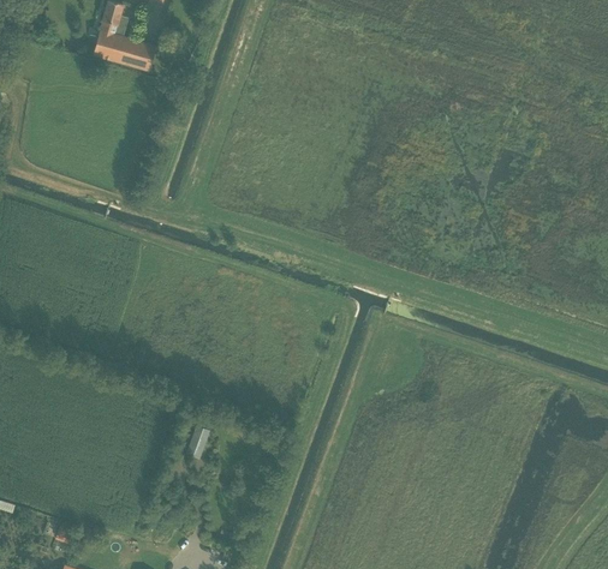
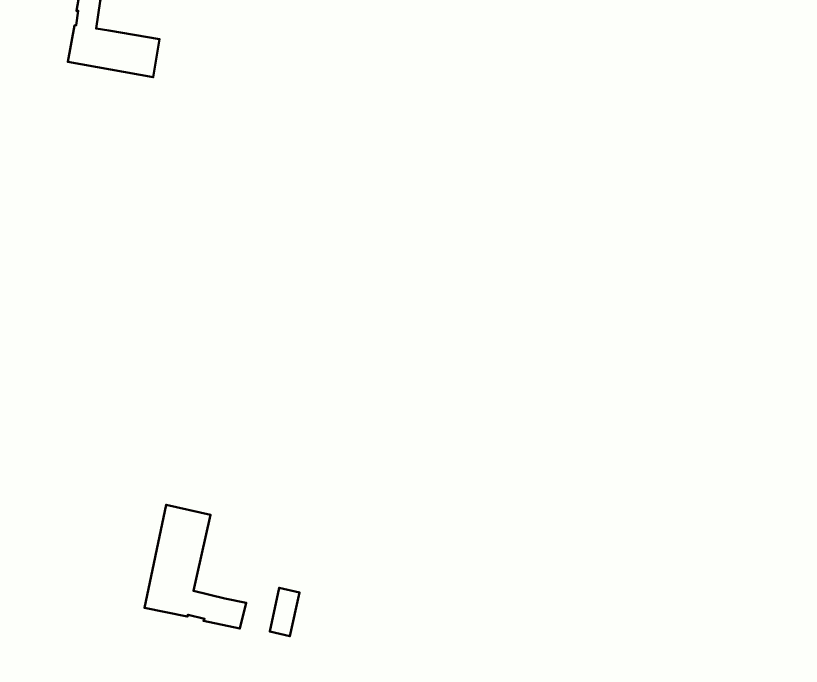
building: none -> [144,505,246,629]

